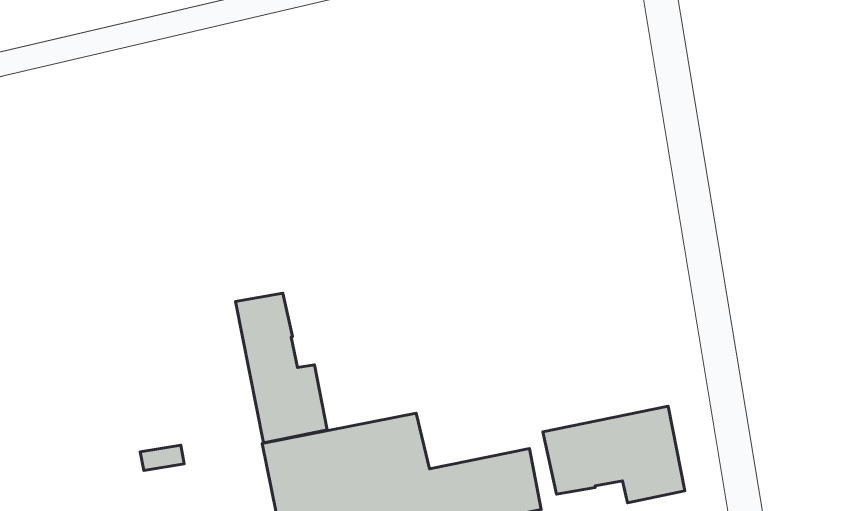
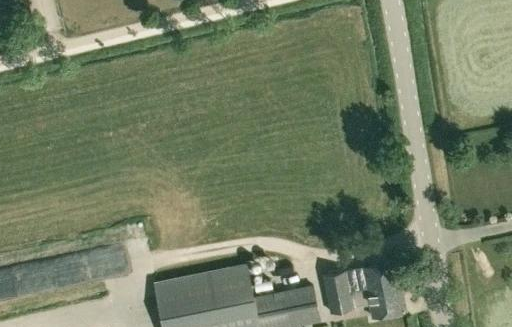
building: [235,293,327,443] -> none

